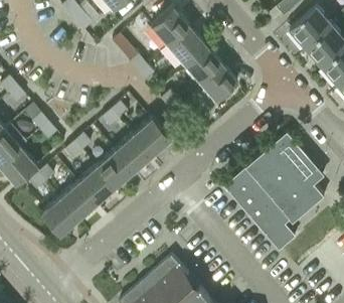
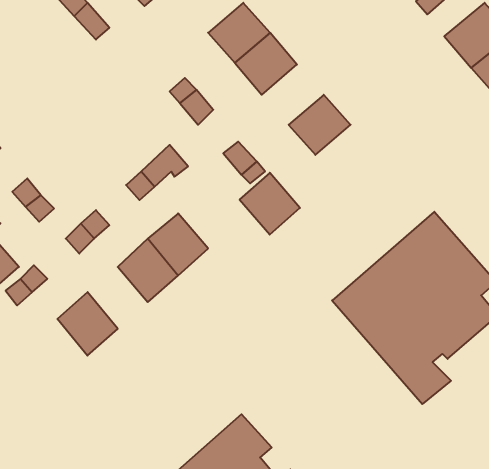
building: [183,44,220,81] -> none
building: [133,118,169,155] -> [240,173,300,235]
building: [78,166,115,203] -> none
building: [41,197,78,236] -> none

